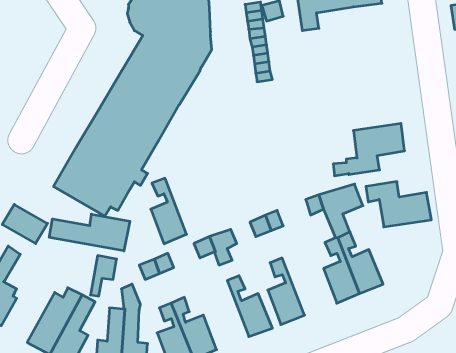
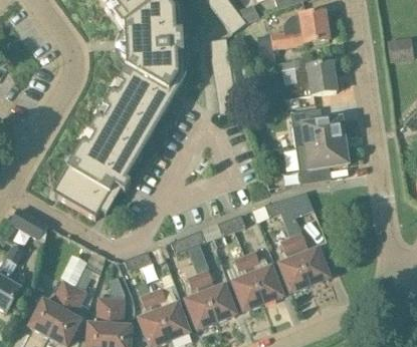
building: none -> [281,60,339,97]
building: [151,178,187,244] -> [187,272,217,327]
building: [366,182,431,227] -> [290,107,346,145]
building: [49,214,130,251] -> none
building: none -> [245,249,283,301]

